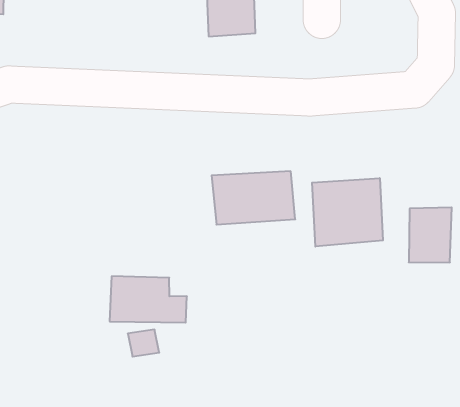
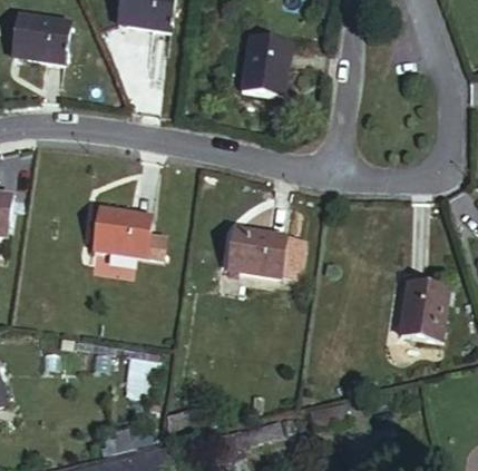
building: [312,178,383,247] -> none
building: [110,276,187,323] -> [69,206,142,257]

